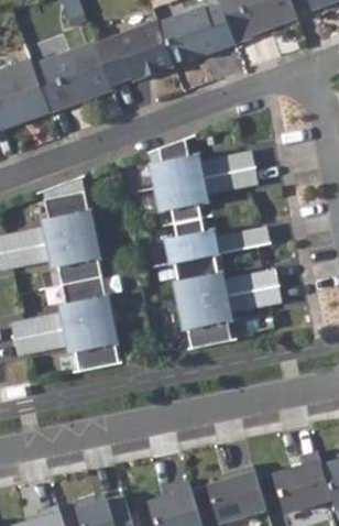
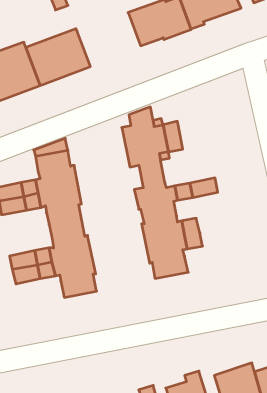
building: [96,22,174,86] -> none
building: [219,151,256,190] -> none
building: [242,270,281,309] -> none

